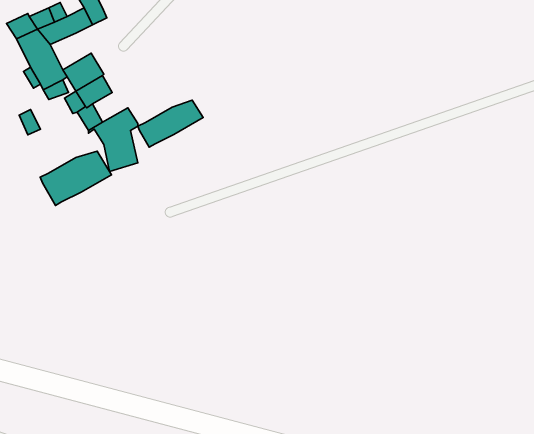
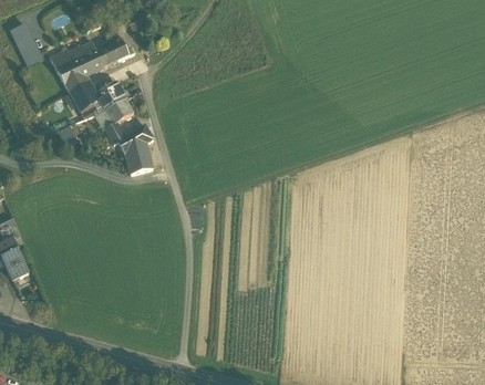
building: [138,100,203,147] -> none
building: [40,151,112,205] -> none

